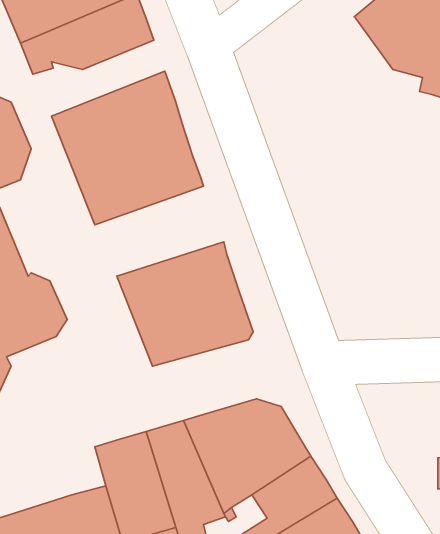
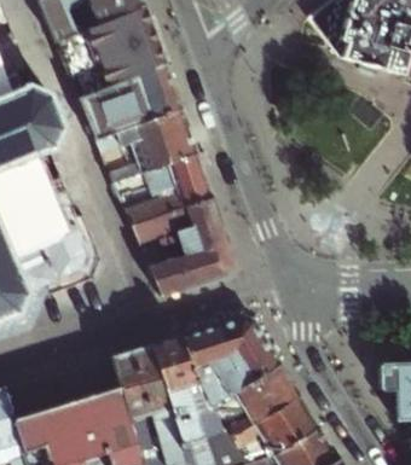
building: none -> [64,40,167,99]
building: none -> [112,153,213,223]

